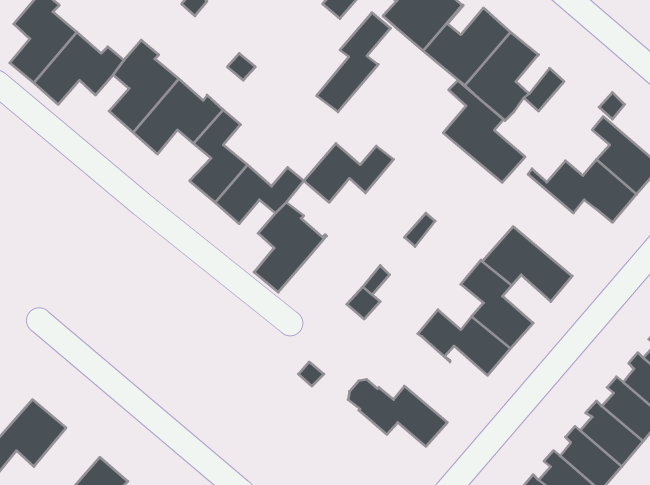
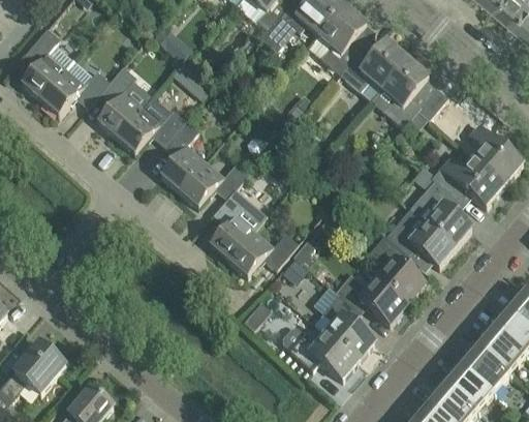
building: [317,13,391,112] -> none
building: [443,80,525,182] -> [408,169,471,247]
building: [304,143,394,202] -> [227,231,297,276]
building: none -> [322,294,373,360]

